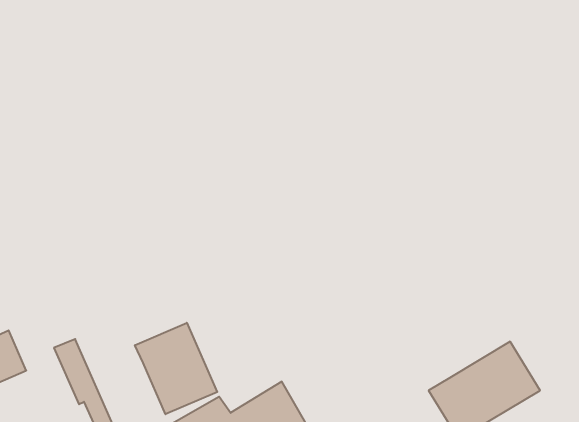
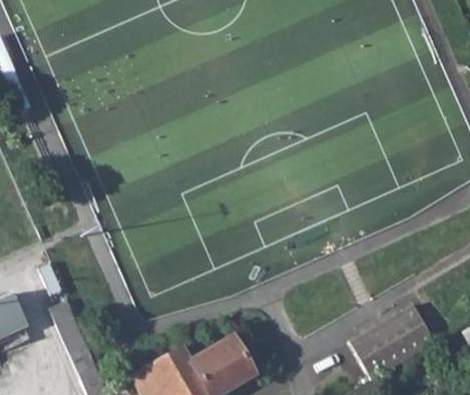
building: [135,323,217,414] -> none

